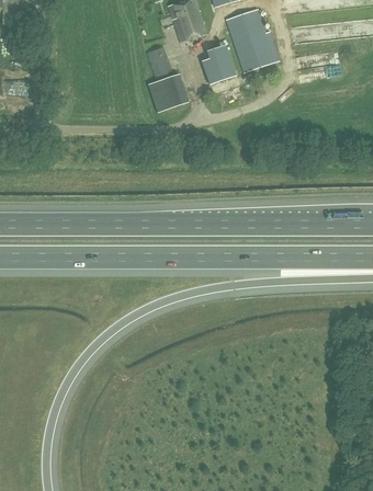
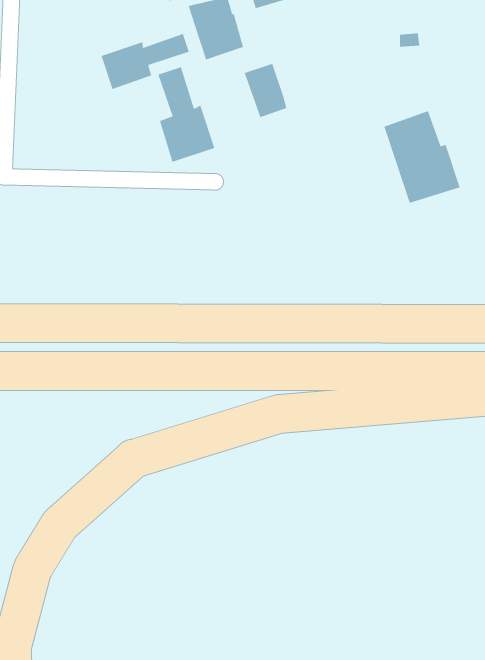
building: [226,8,279,71] -> [384,110,461,203]
building: none -> [101,33,189,90]

